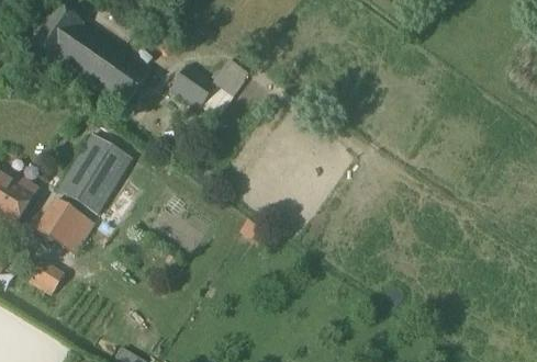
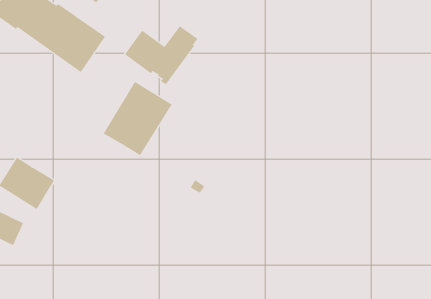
building: [57,133,132,213] -> [103,81,172,156]

